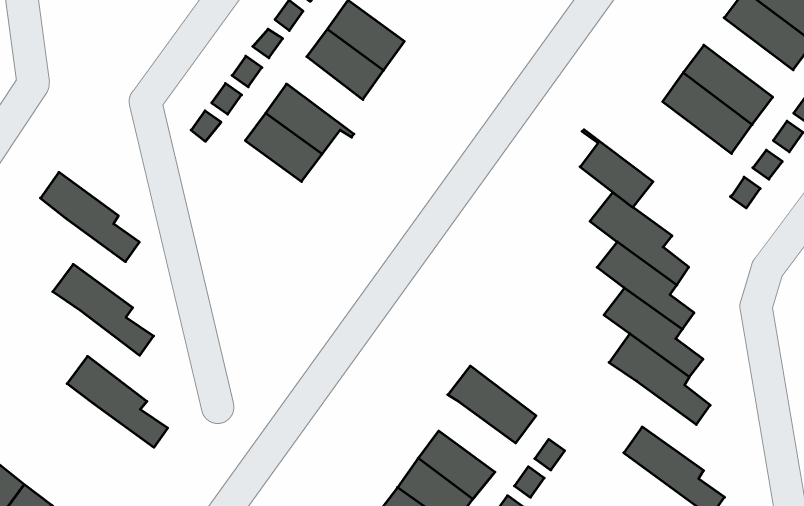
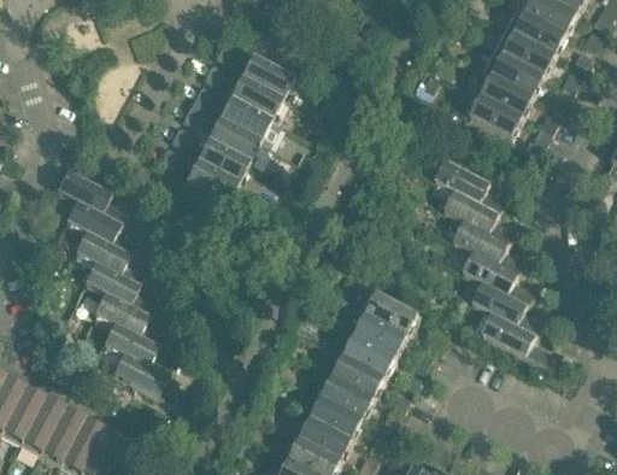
building: none -> [490,29,553,77]
building: none -> [215,99,275,146]
building: none -> [53,171,124,225]
building: [580,130,653,207] -> [468,92,521,139]
building: none -> [181,162,235,206]
building: none -> [71,233,142,286]
building: none -> [89,293,161,347]
building: none -> [470,282,542,335]
building: none -> [353,315,406,358]
building: none -> [108,354,181,409]

